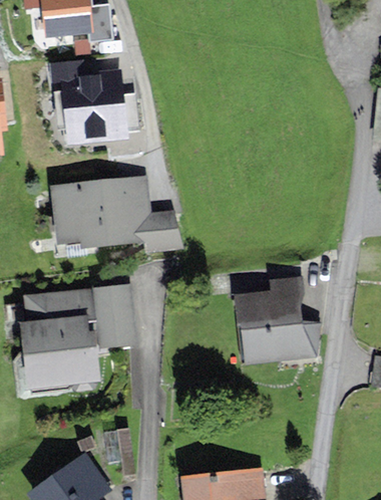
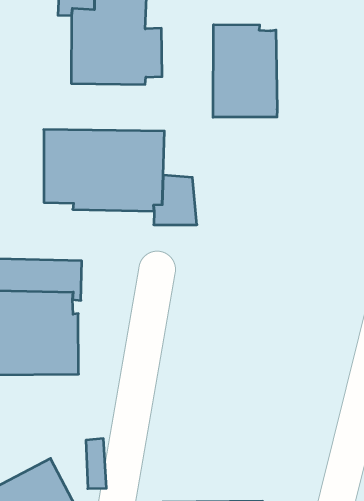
building: none -> [213,25,277,117]
building: [234,277,321,365] -> none

